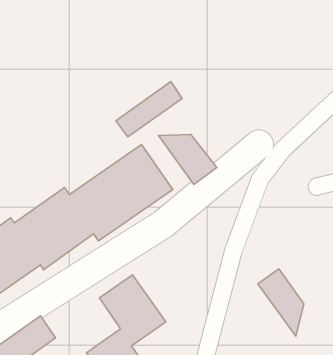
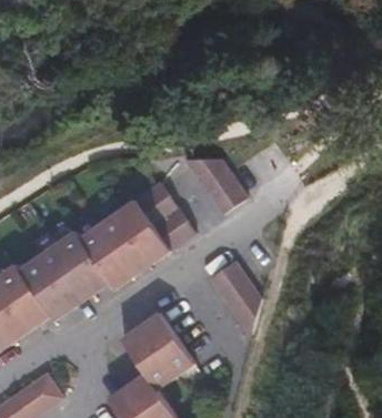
building: [116,82,182,137] -> none
building: [258,269,304,336] -> [209,258,260,333]

